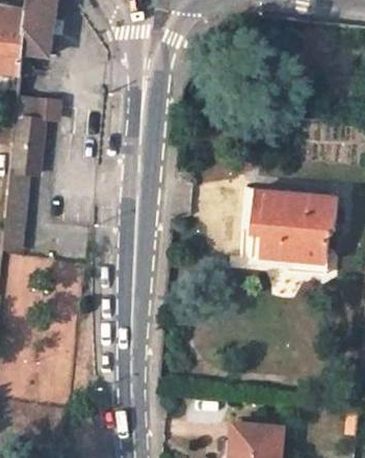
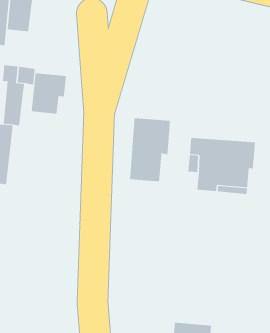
building: none -> [31,73,66,115]
building: none -> [129,118,170,182]

